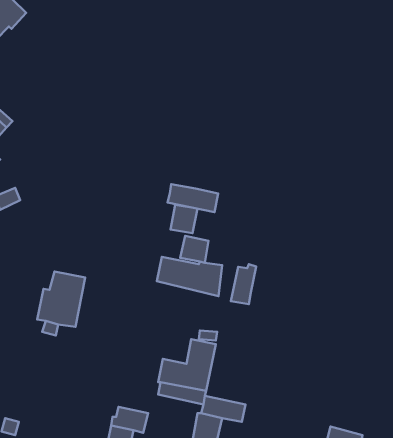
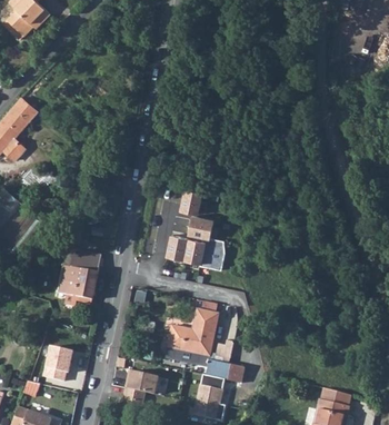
building: [167,184,218,212] -> none
building: [231,264,256,304] -> none
building: none -> [46,343,74,379]

